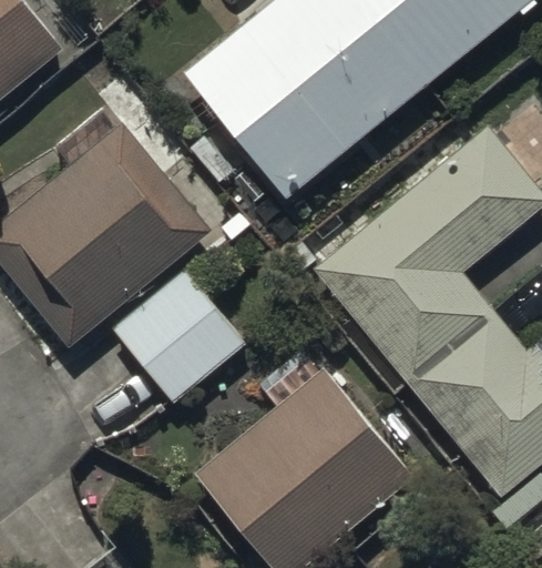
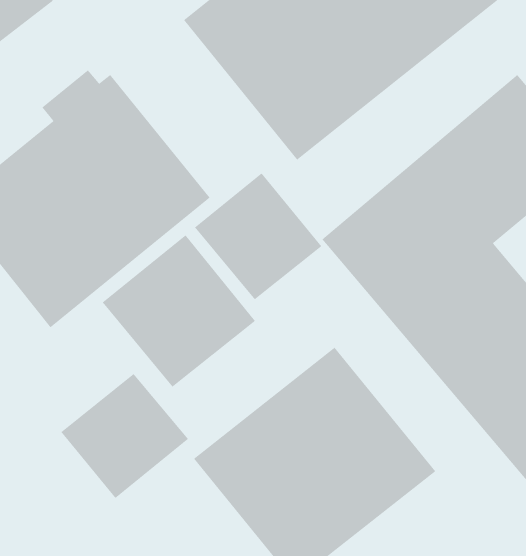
building: none -> [194,172,322,300]
building: none -> [60,373,189,499]

